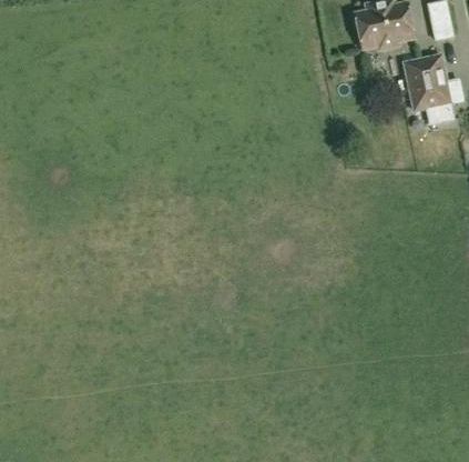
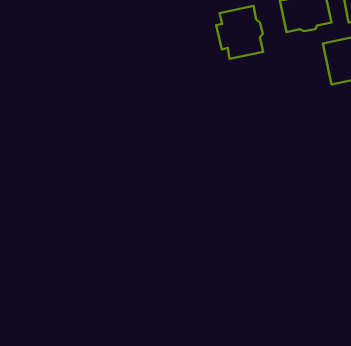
building: none -> [216,6,263,59]

